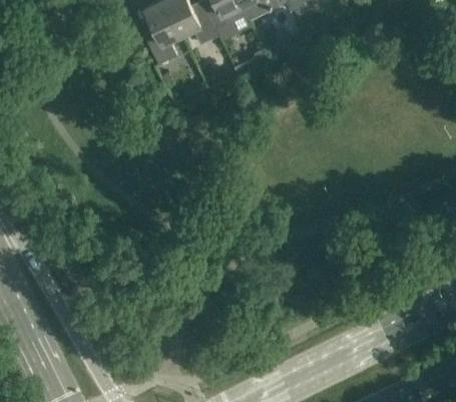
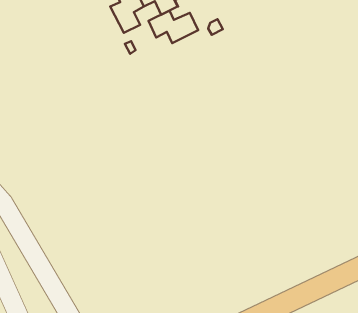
building: none -> [148,11,198,43]

